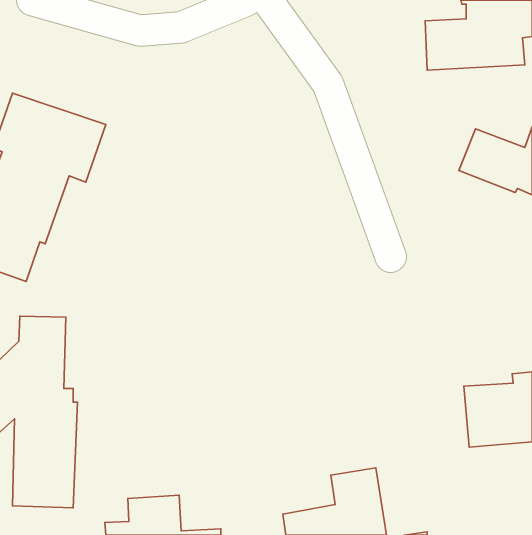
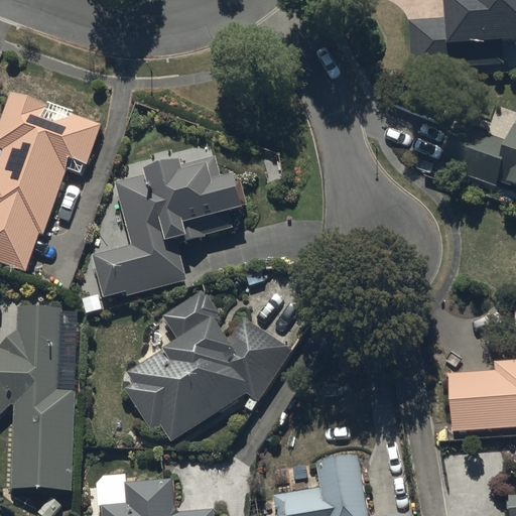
building: none -> [92,153,246,297]
building: none -> [123,290,291,441]

